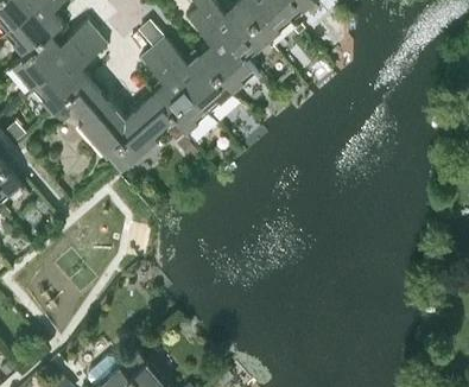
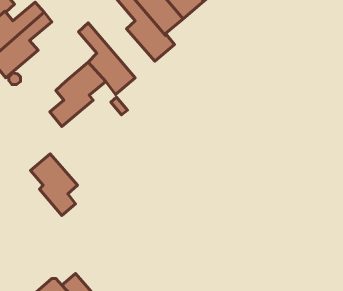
building: [152,38,233,114] -> none
building: [68,81,125,156] -> [31,154,78,215]

